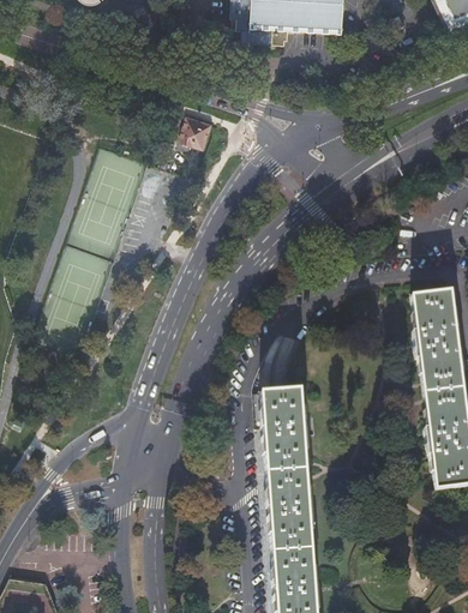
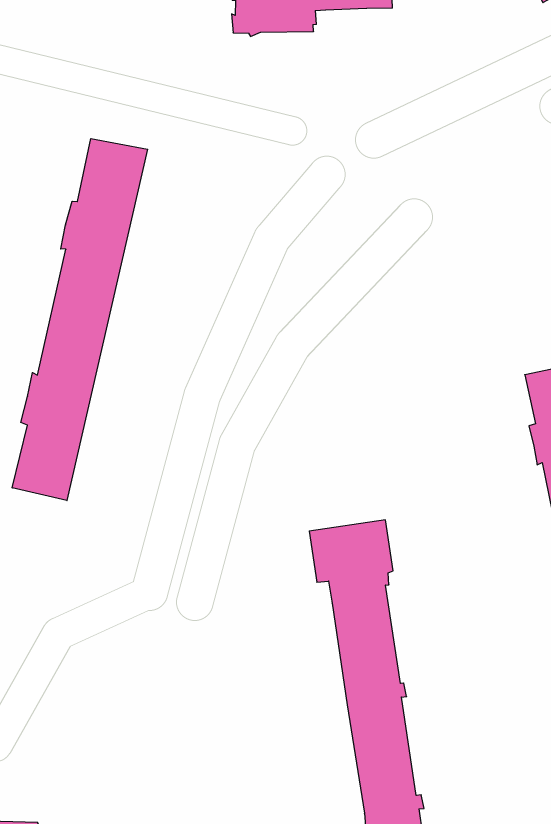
building: none -> [12,139,148,501]
building: [182,113,212,144] -> none

